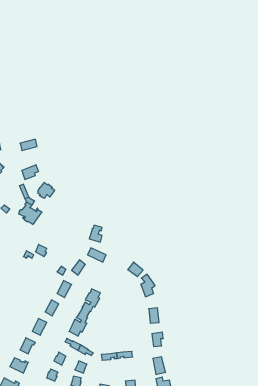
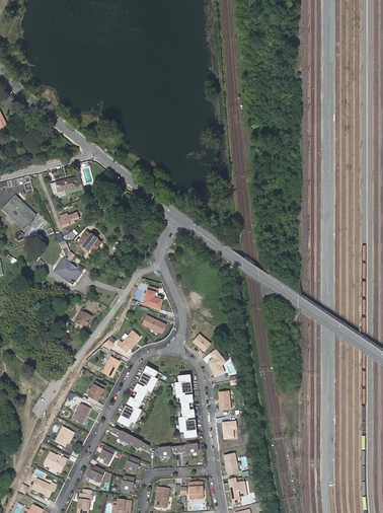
building: none -> [175,374,196,437]

